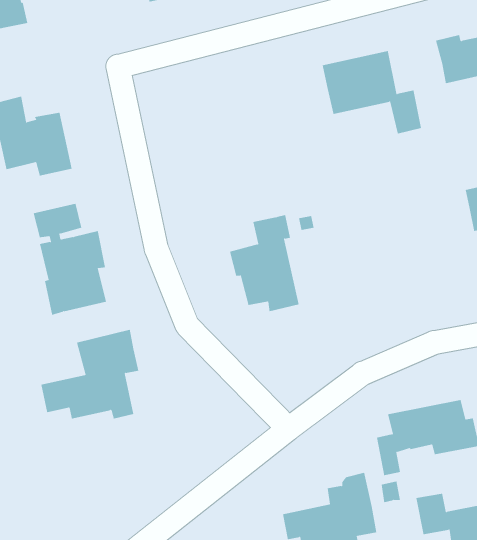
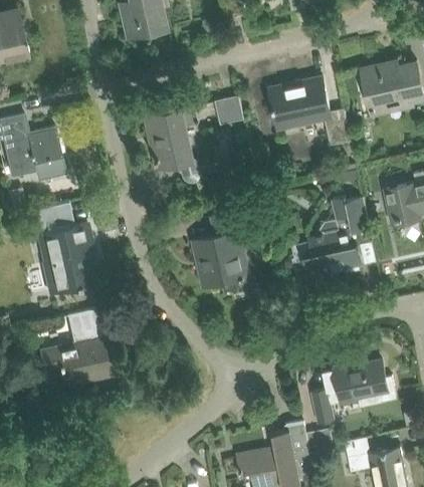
building: none -> [214,96,243,125]
building: none -> [151,106,199,184]
building: none -> [290,197,372,274]

